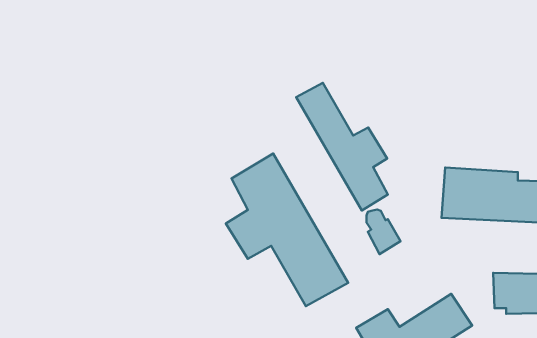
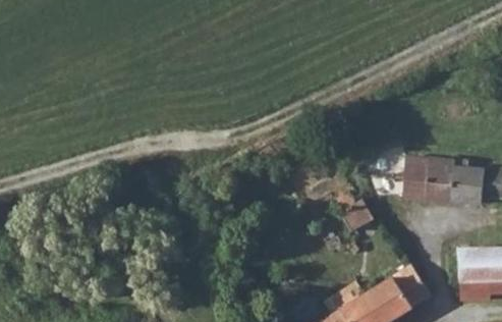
building: [296,83,388,210] -> none
building: [226,153,348,306] -> none

